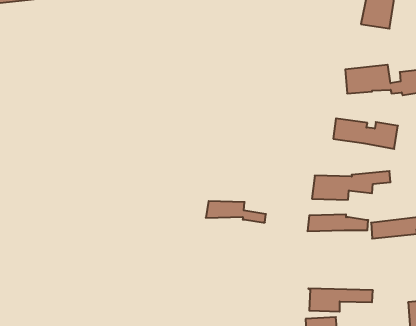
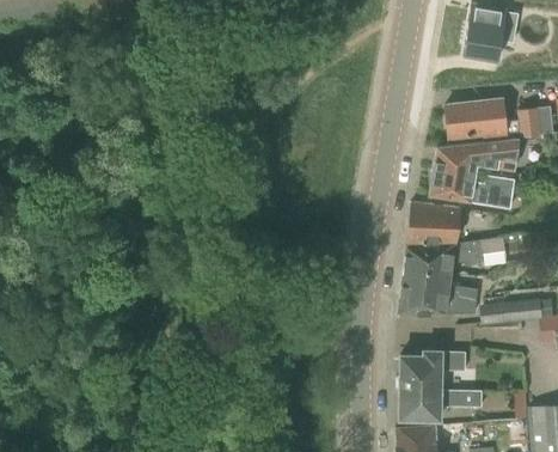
building: none -> [436,136,521,175]
building: none -> [409,202,460,244]
building: [206,201,266,222] -> [401,273,479,300]
building: none -> [399,350,484,391]

